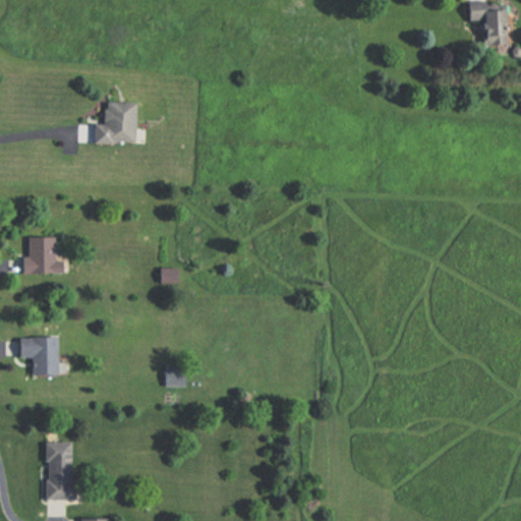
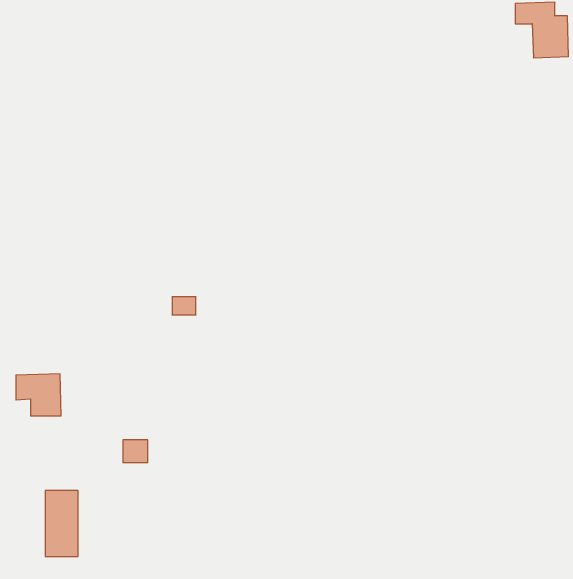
building: [95,104,137,143] -> none
building: [22,235,65,274] -> none
building: [165,365,187,386] -> [123,440,148,463]

